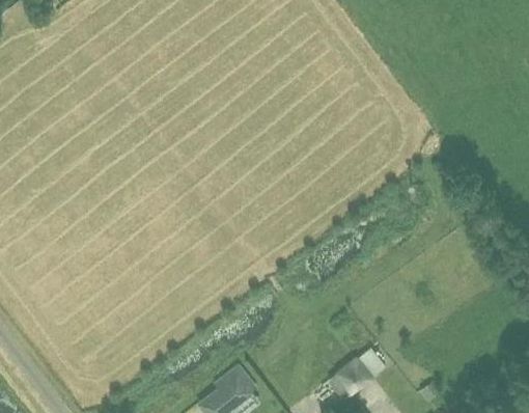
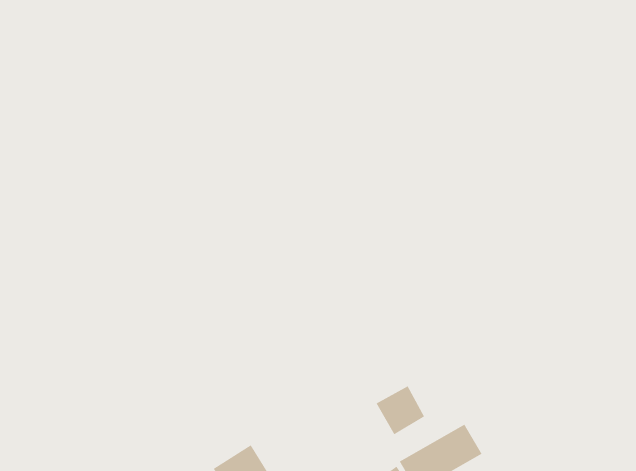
building: none -> [376,385,425,435]

